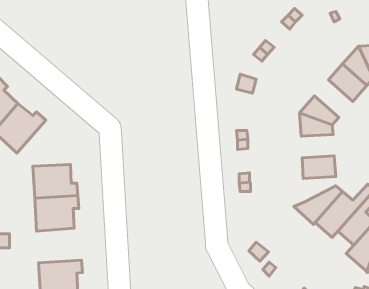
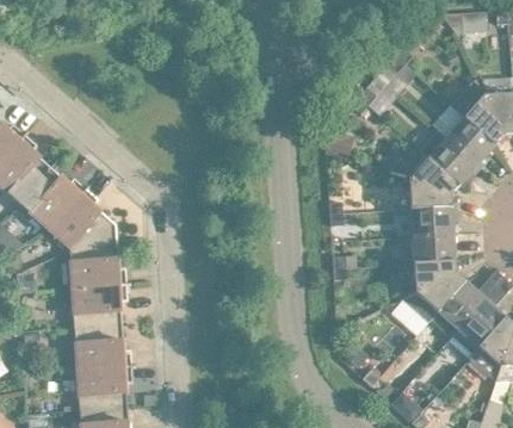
building: none -> [426,137,475,185]
building: none -> [48,188,116,247]
building: none -> [409,206,451,236]
building: none -> [412,260,453,292]
building: none -> [73,325,130,370]

